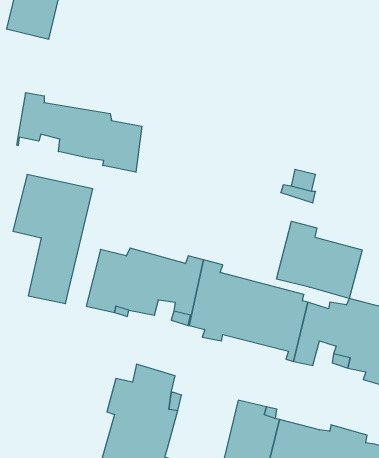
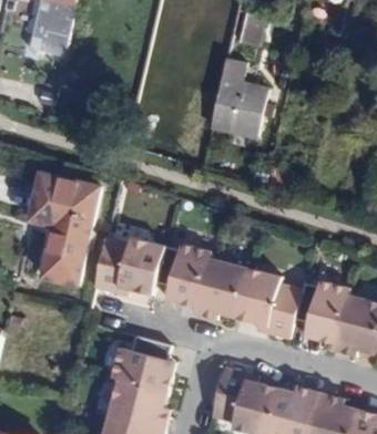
building: none -> [208,58,267,136]
building: [17,93,142,172] -> none
building: [277,221,362,298] -> none

